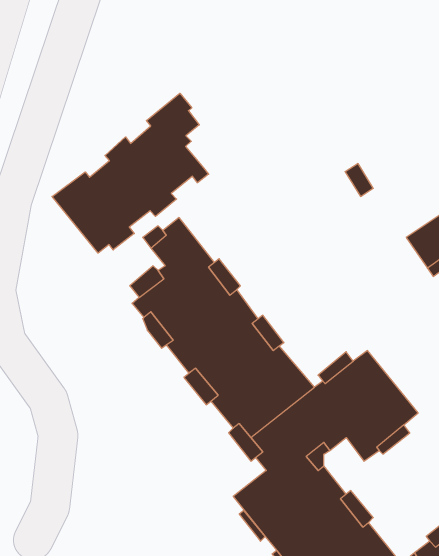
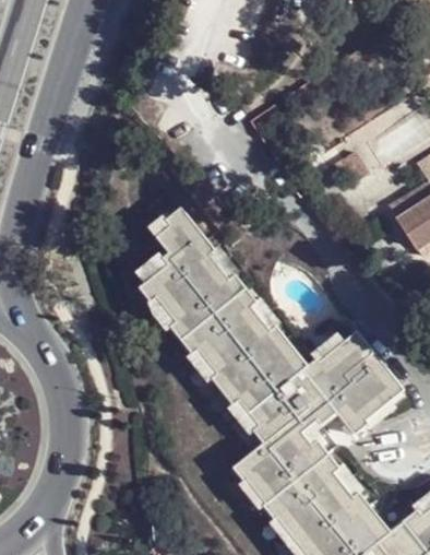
building: [52,93,209,253] -> none

